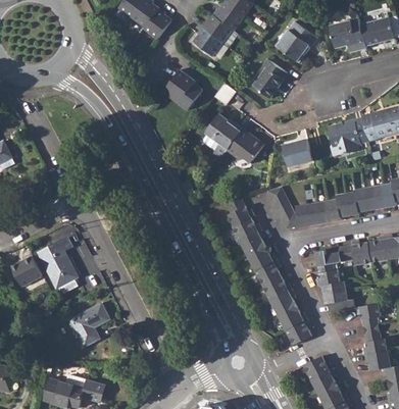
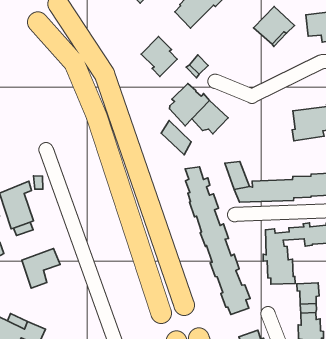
building: [250,59,285,99] -> none
building: [281,138,311,165] -> none
building: none -> [161,121,191,155]

